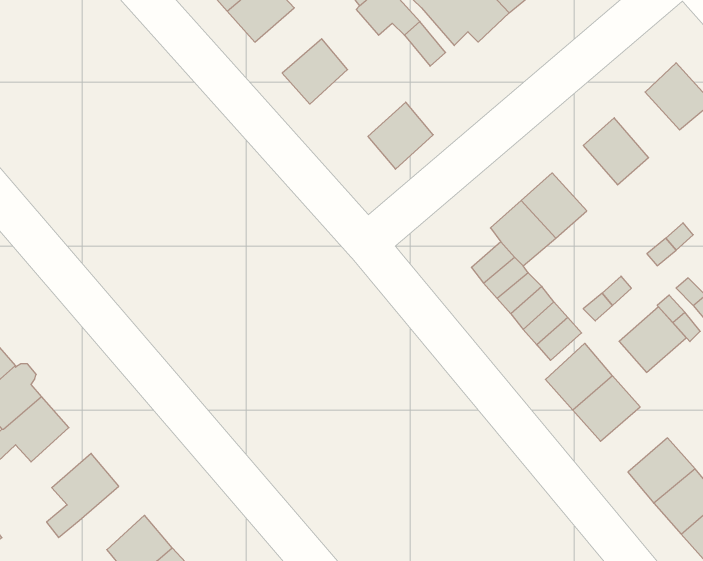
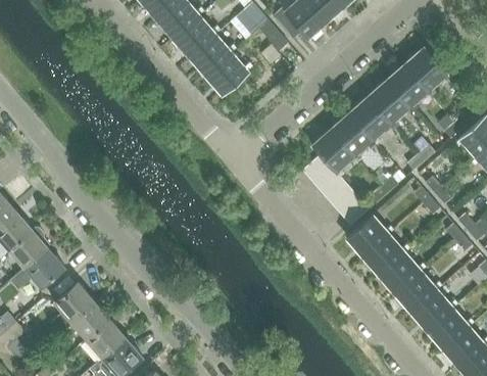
building: none -> [175,16,214,55]
building: none -> [388,66,427,105]
building: [368,102,433,169] -> [207,53,246,93]
building: none -> [351,98,390,137]
building: [619,307,686,372] -> [380,253,420,292]
building: none -> [70,300,109,338]

